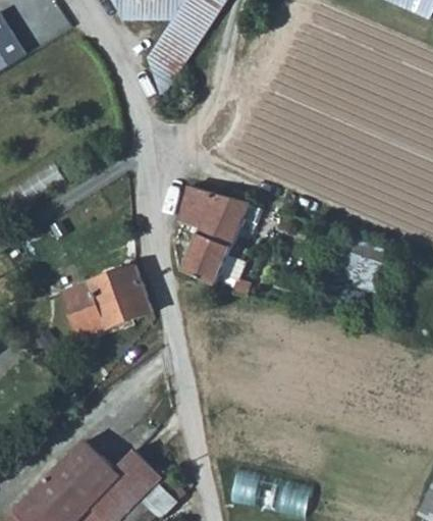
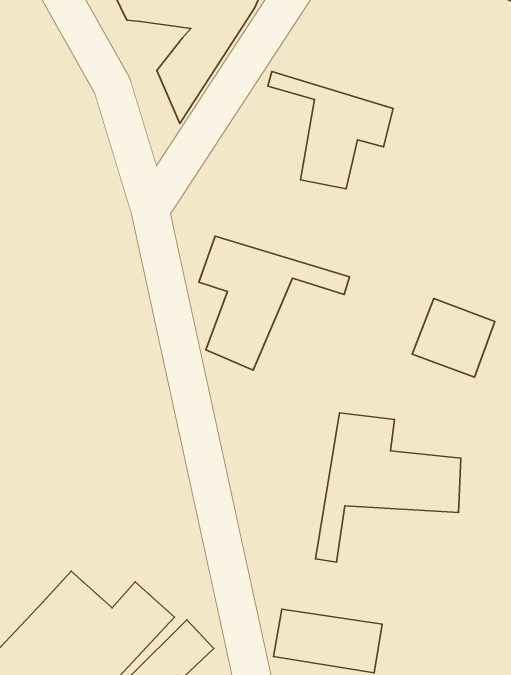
building: none -> [268,72,393,189]
building: [62,263,152,336] -> none
building: none -> [316,413,461,562]

